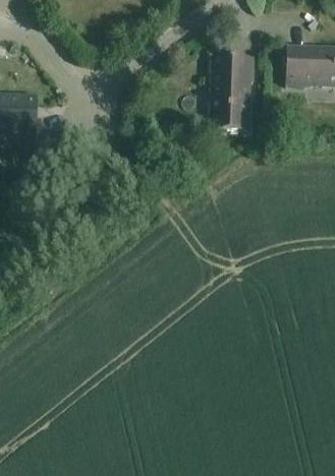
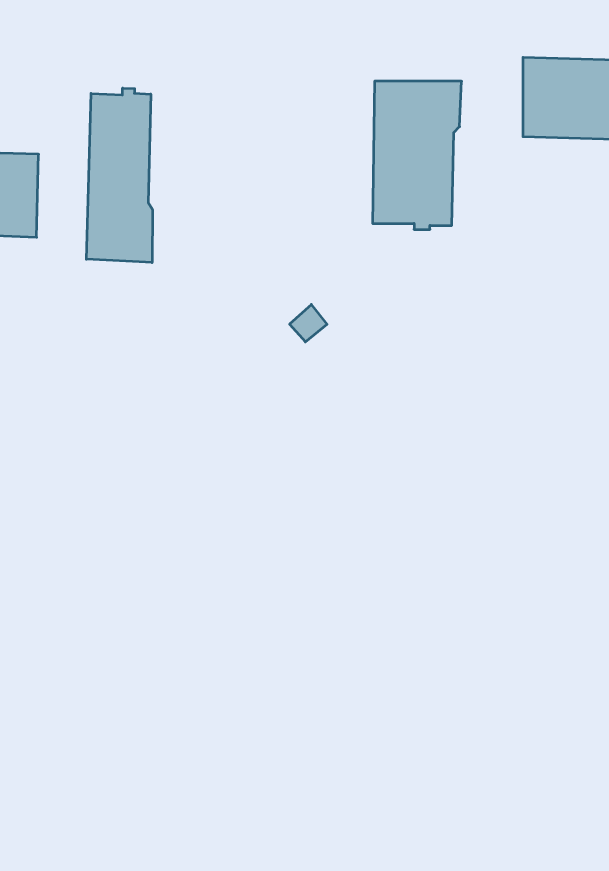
building: none -> [86,88,152,263]

